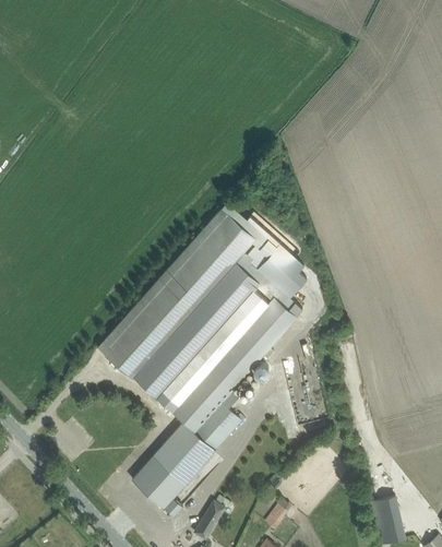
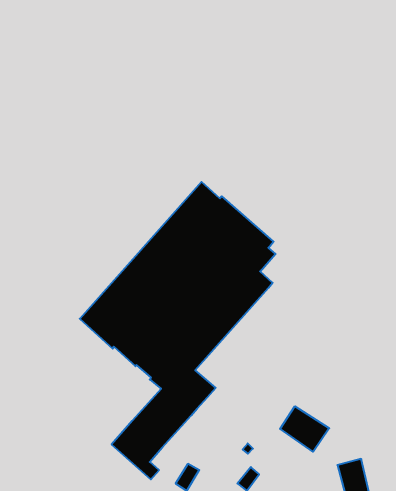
building: none -> [280,406,329,452]

